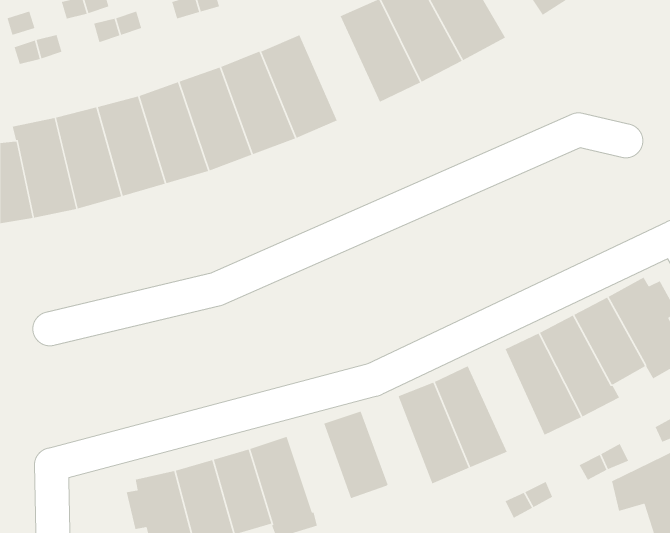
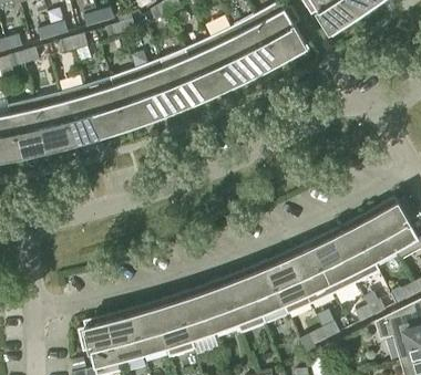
building: none -> [184,39,233,103]
building: none -> [287,242,333,305]
building: none -> [222,271,265,334]
building: none -> [176,288,215,342]

